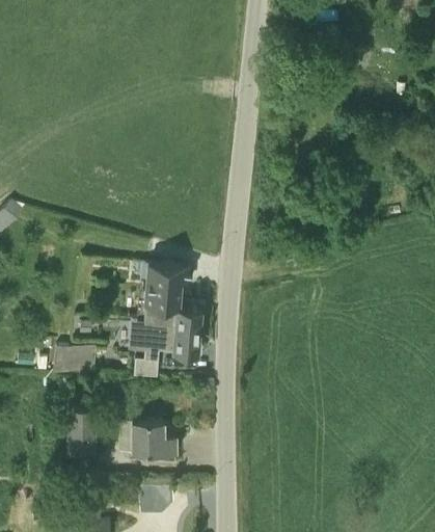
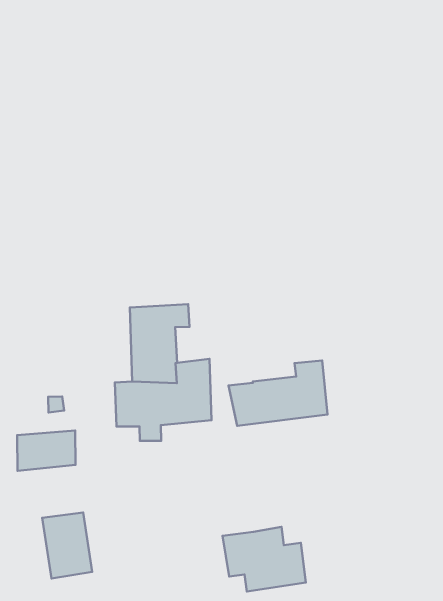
building: none -> [229,360,327,426]
building: [119,420,175,463] -> [222,527,306,591]

